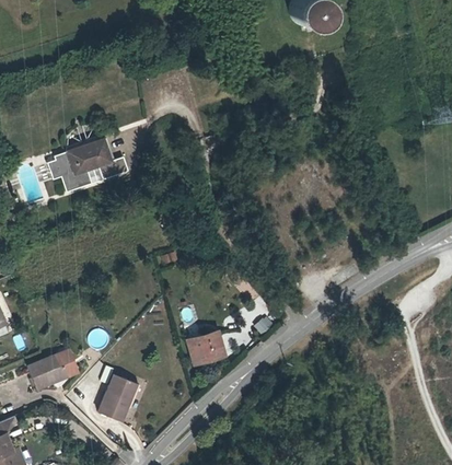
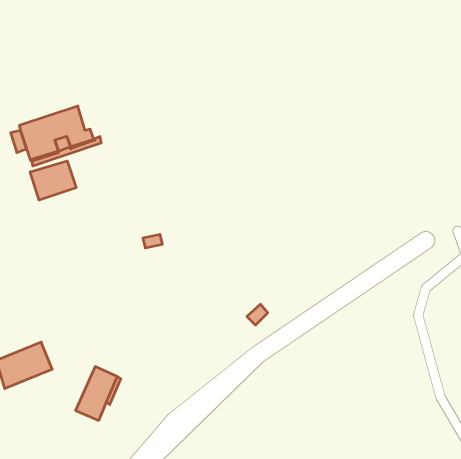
building: none -> [30,161,76,200]
building: [190,330,223,360] -> none

